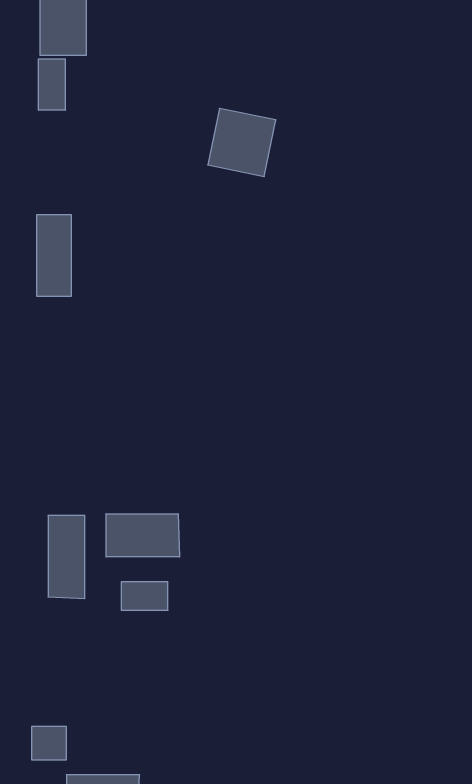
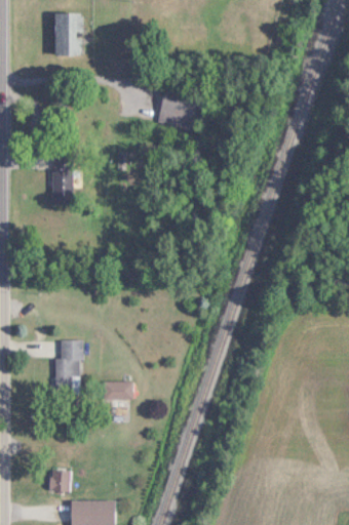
building: [39,59,65,110] -> none
building: [106,514,180,557] -> none

